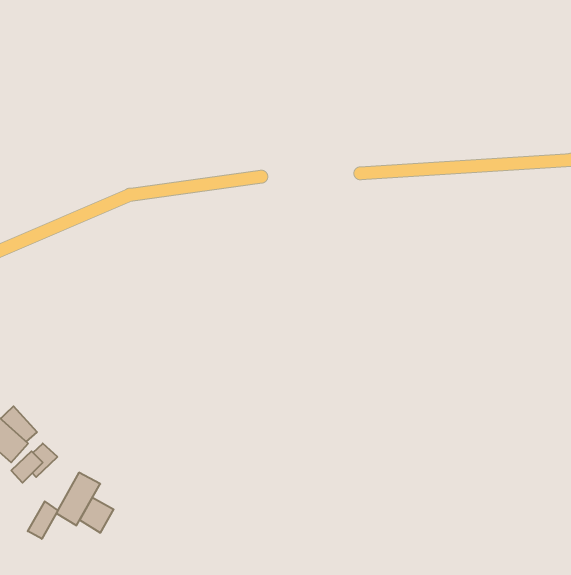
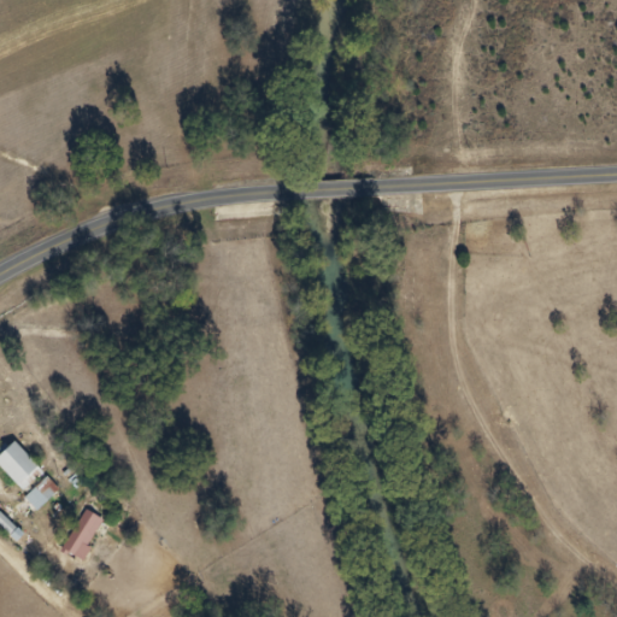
building: [80,498,114,533] -> none
building: [28,501,58,539] -> none

